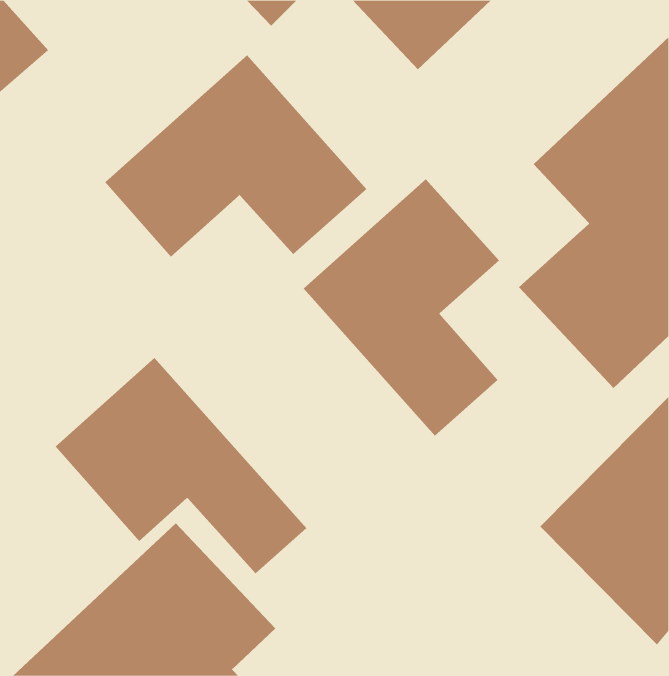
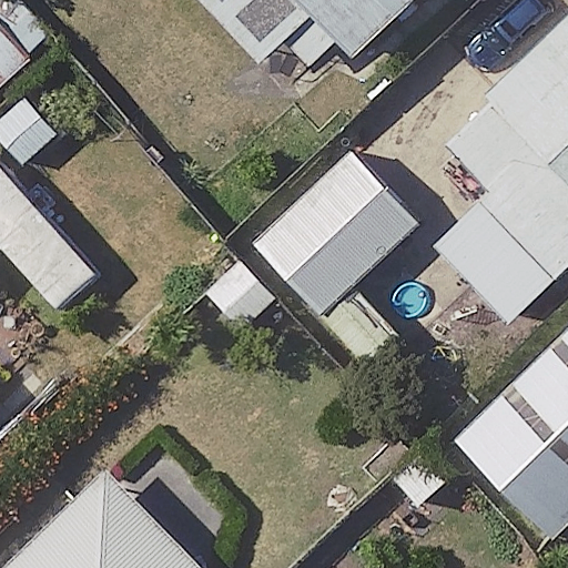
building: [104,55,367,257] -> none
building: [55,357,307,574] -> none

